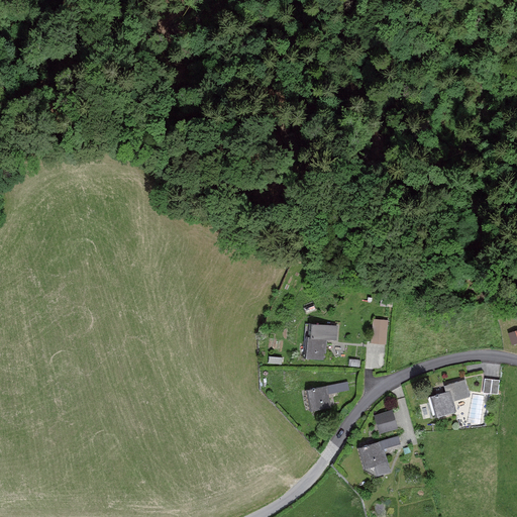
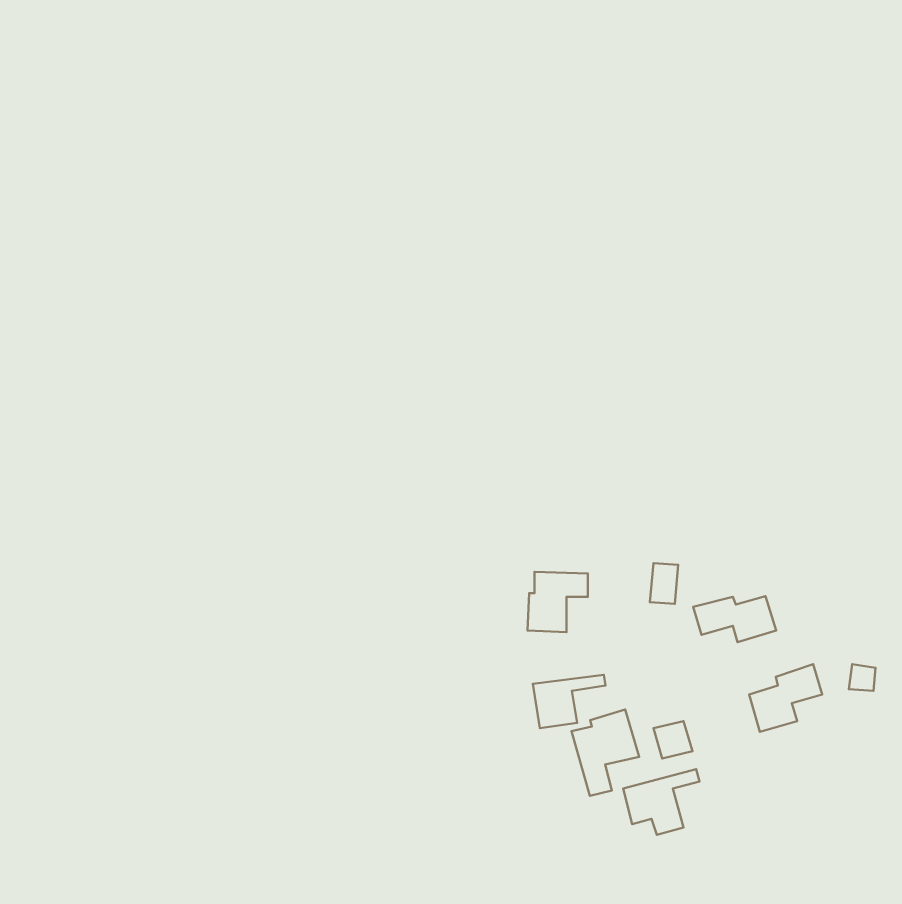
building: none -> [693,596,776,642]
building: none -> [571,710,639,796]

